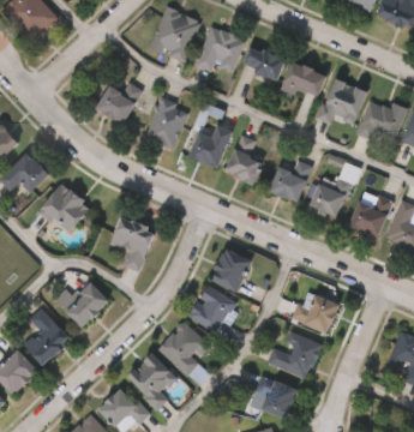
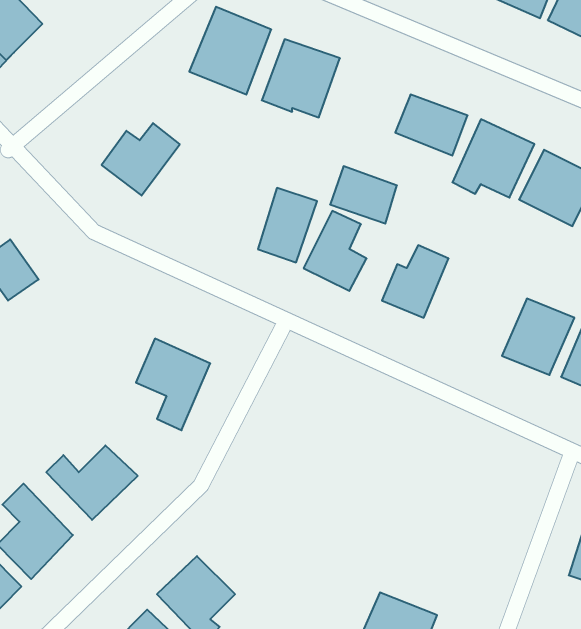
building: [239,46,281,82] -> [330,166,397,224]
building: [143,97,187,149] -> none
building: [305,175,350,220] -> none
building: [42,181,96,234] -> none
building: [211,247,253,289] -> none
building: [187,283,235,331] -> none
building: [294,293,346,334] -> none
building: [158,319,210,372] -> none
building: [270,329,325,378] -> none

